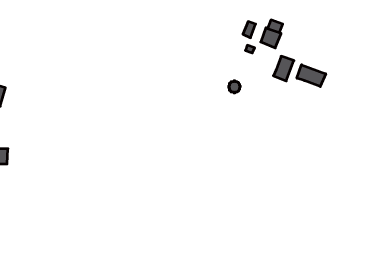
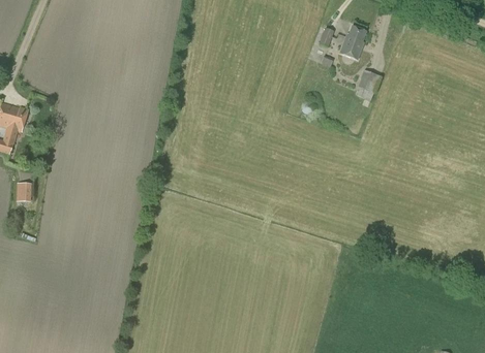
building: [297,65,326,87] -> none

